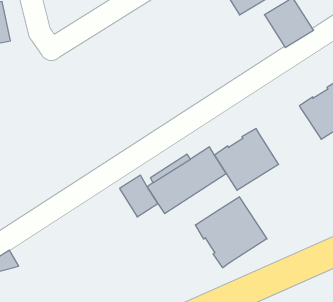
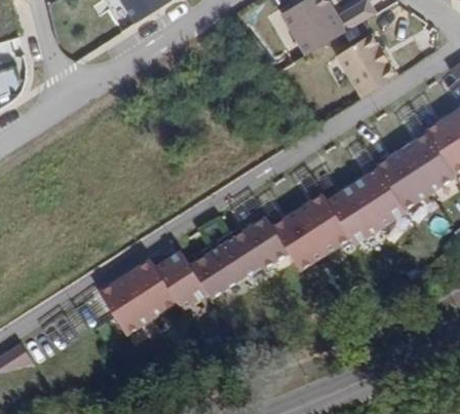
building: none -> [329,167,407,243]
building: none -> [100,259,178,335]
building: [195,197,267,268] -> none

